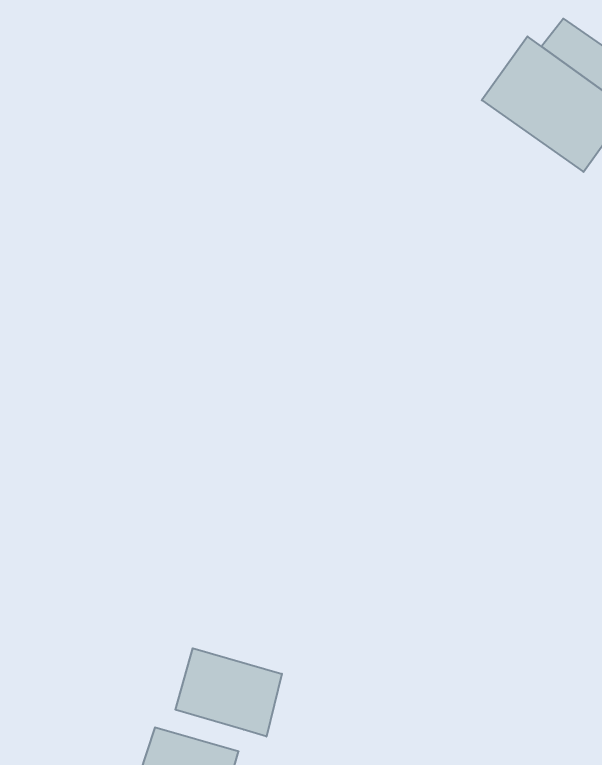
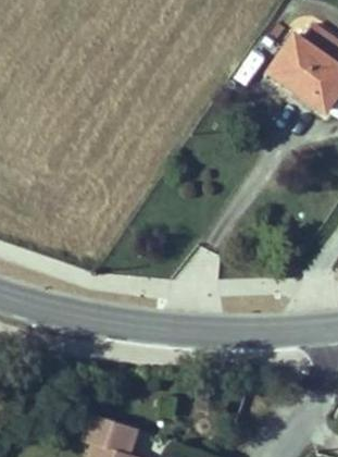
building: [175,648,282,737] -> none

